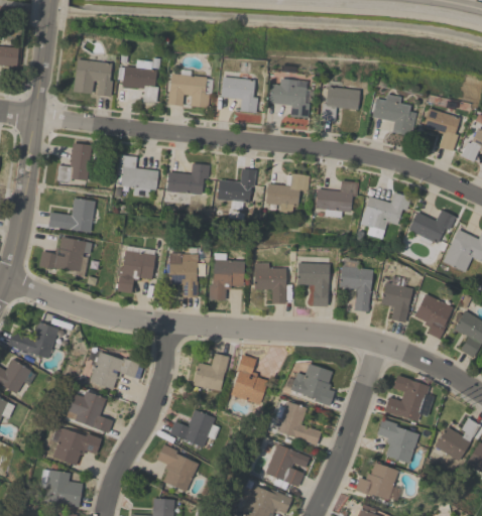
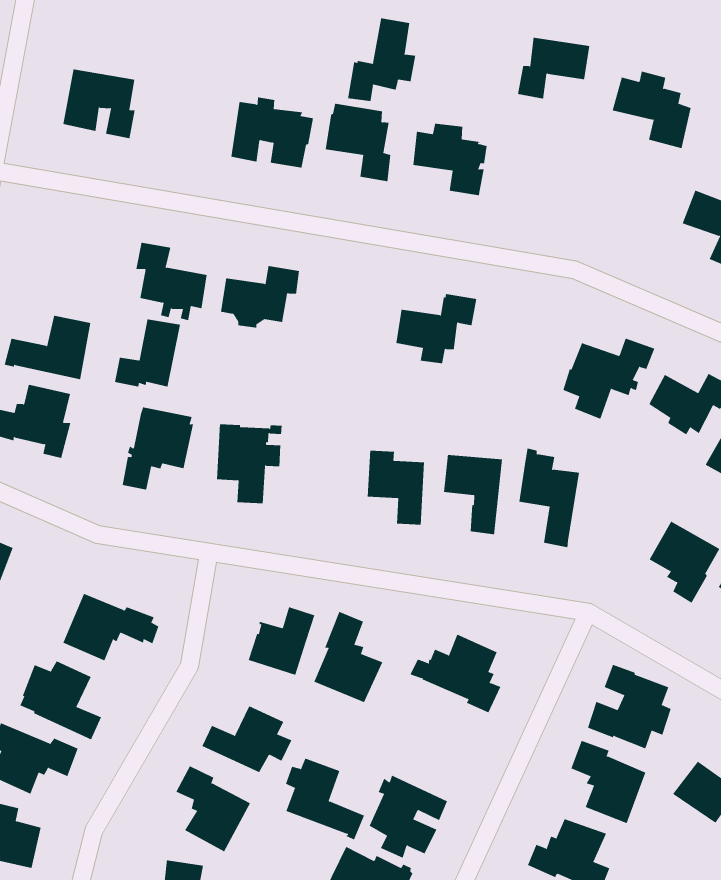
building: none -> [348,18,416,102]
building: [117,59,158,103] -> none
building: [320,87,359,121] -> [517,37,590,99]
building: [371,94,415,136] -> [612,71,692,149]
building: [56,143,92,181] -> [114,319,181,387]
building: [216,168,255,210] -> none
building: [316,180,358,218] -> none
building: [208,252,244,300] -> none
building: [380,276,412,322] -> none
building: [275,401,321,445] -> [285,758,365,840]

